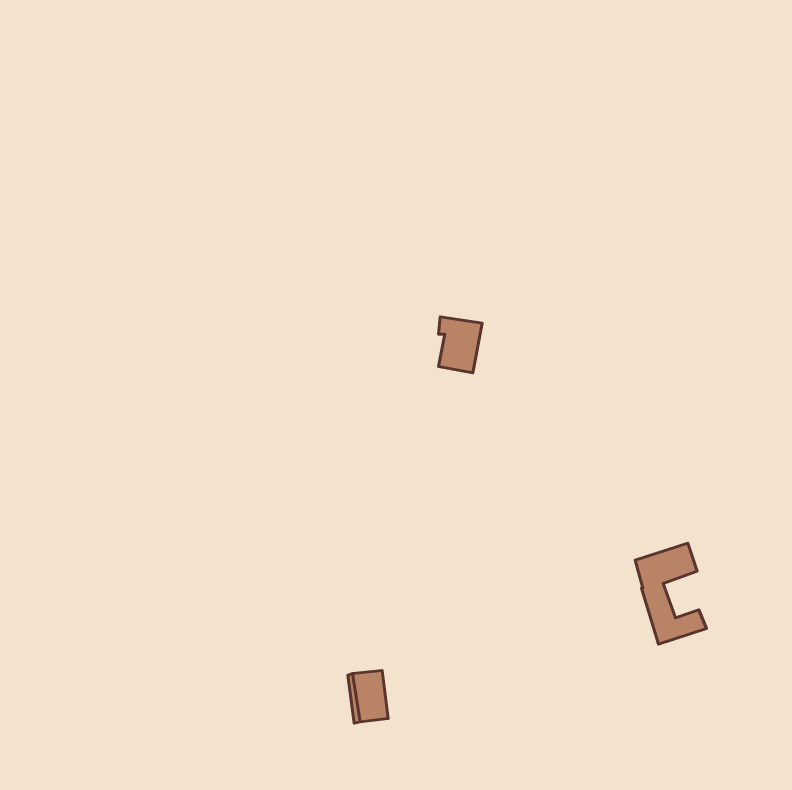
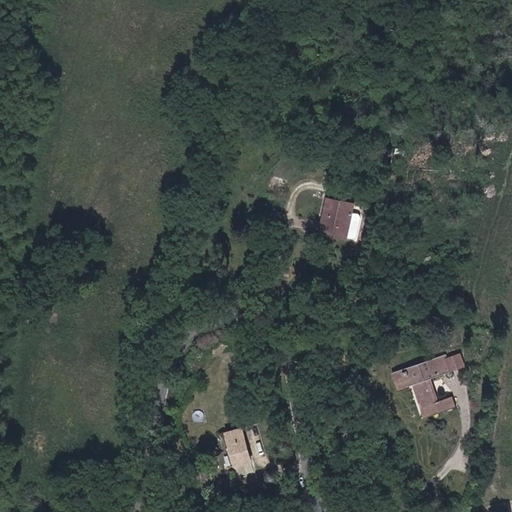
building: [439,317,482,373] -> [324,203,352,239]
building: none -> [393,363,425,418]

